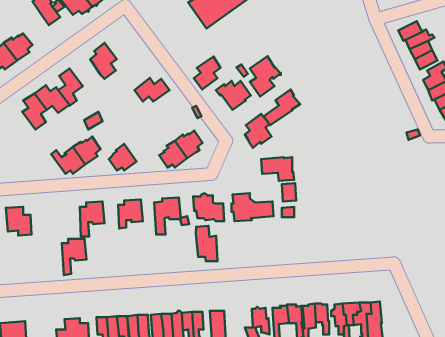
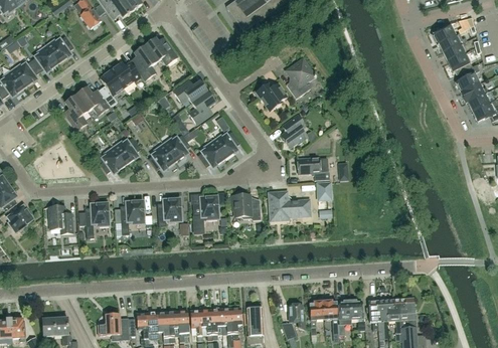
building: none -> [145,37,178,64]
building: [194,56,221,89] -> [189,92,215,124]
building: none -> [111,61,141,88]
building: [264,90,300,125] -> none
building: none -> [164,135,191,161]
building: [196,226,218,261] -> none
building: [62,239,87,275] -> [86,203,110,238]

